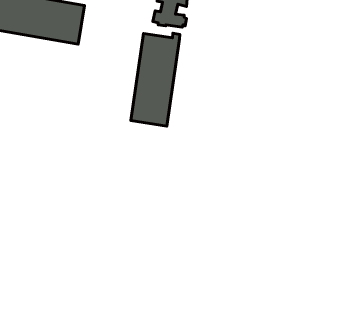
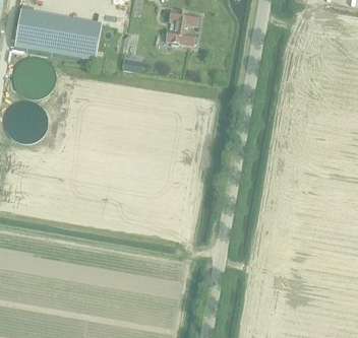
building: [131,33,180,126] -> none

